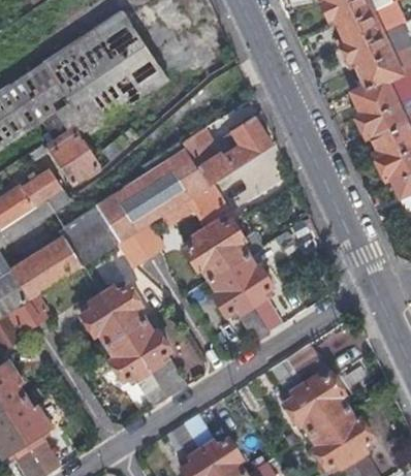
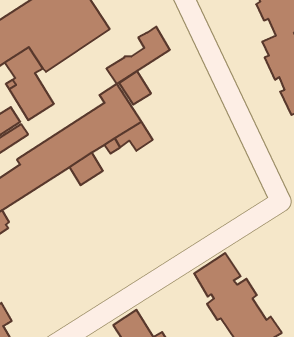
building: [196,117,273,186] -> [106,27,170,84]
building: [183,218,274,342] -> none
building: [82,282,172,406] -> none

